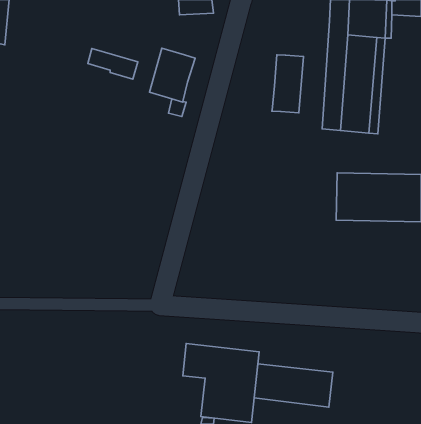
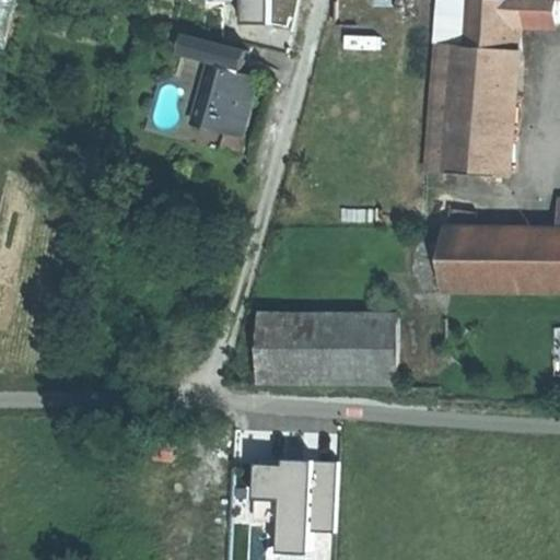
building: [88,49,138,79] -> [184,32,249,72]
building: [272,55,304,113] -> none
building: none -> [260,316,396,385]
building: [254,364,333,407] -> none

